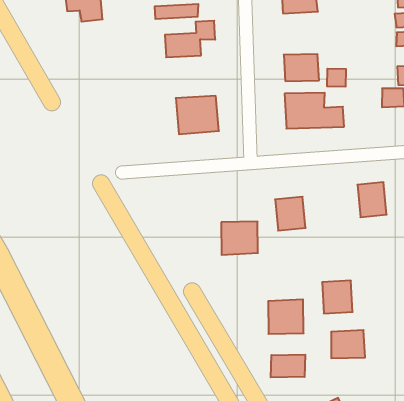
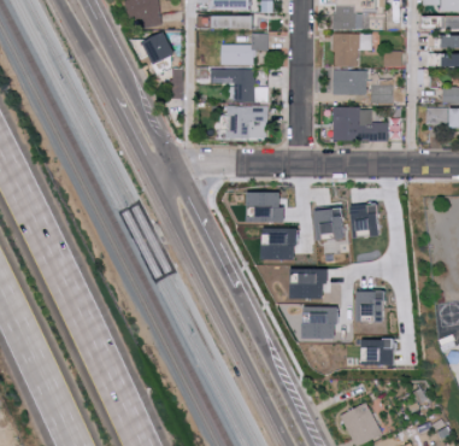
building: none -> [333,33,370,66]
building: none -> [136,33,175,64]
building: none -> [210,69,265,101]
building: [357,182,387,217] -> [354,203,381,235]
building: none -> [248,189,286,221]
building: none -> [292,271,324,298]
building: [271,355,305,377] -> none

